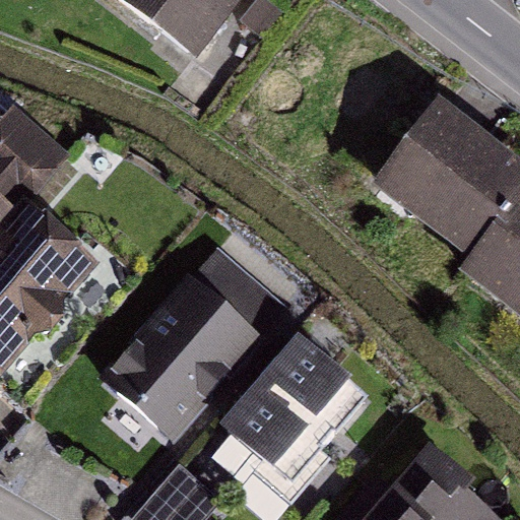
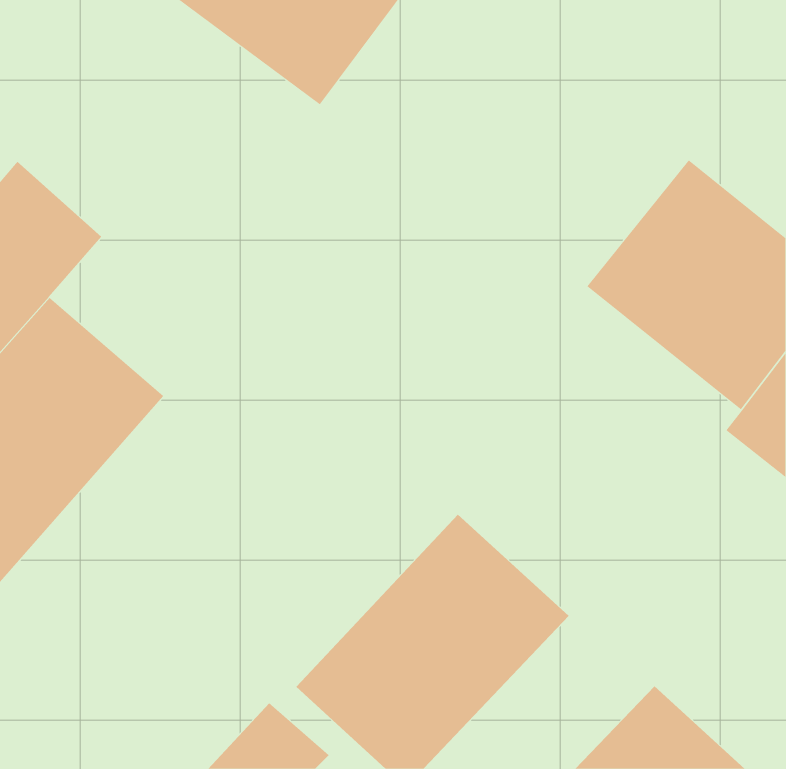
building: [96,240,288,439] -> none

